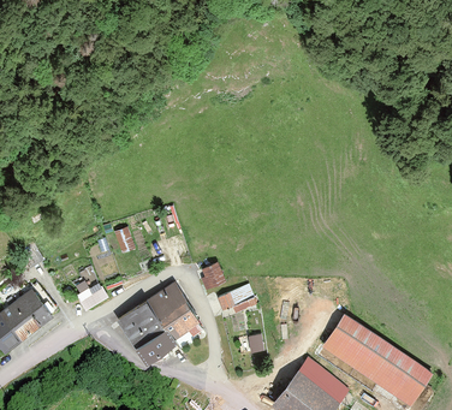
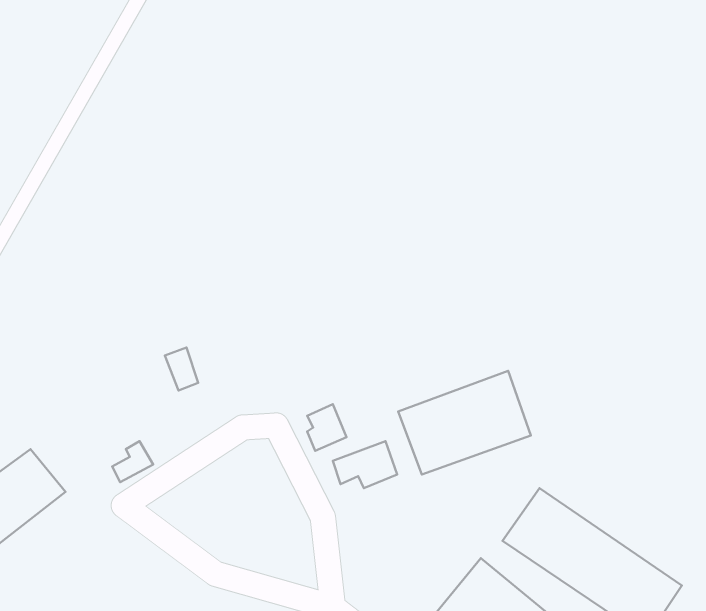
building: none -> [398,371,531,475]
building: [118,281,204,362] -> none

